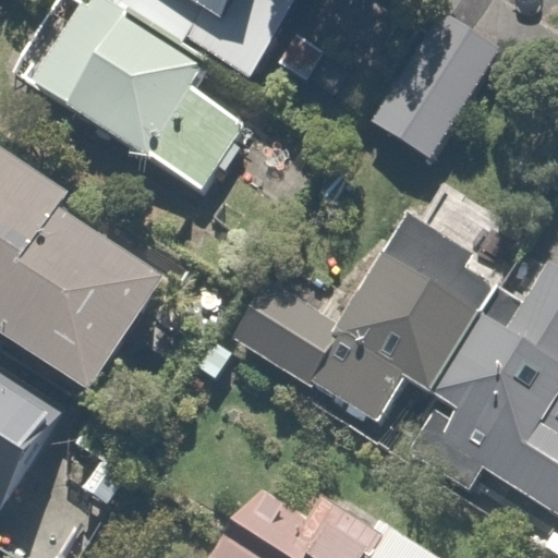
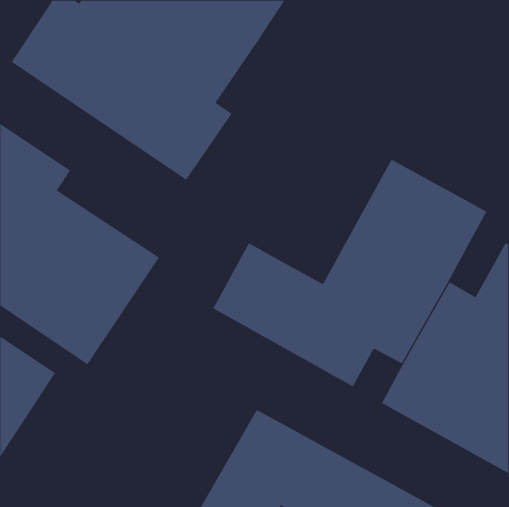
building: [366,9,500,166] -> none

